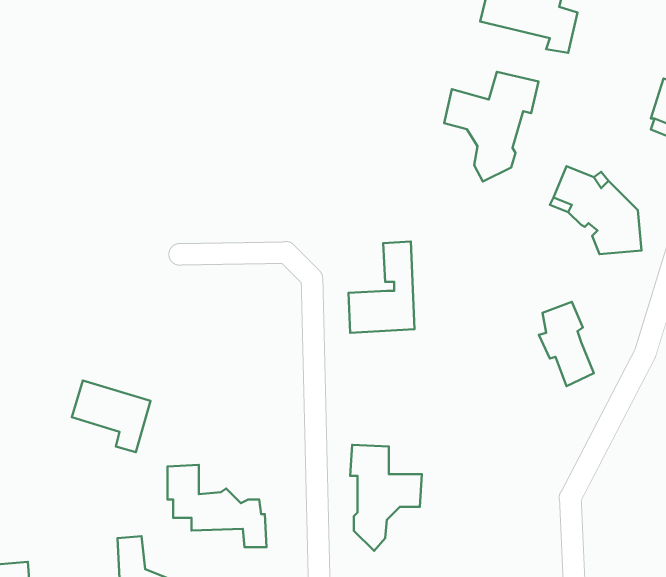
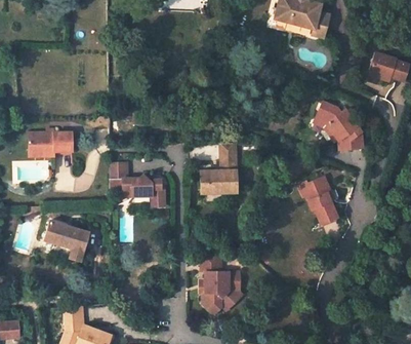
building: [444,72,538,182] -> none
building: none -> [29,133,71,153]
building: [168,465,267,547] -> [110,161,165,207]

